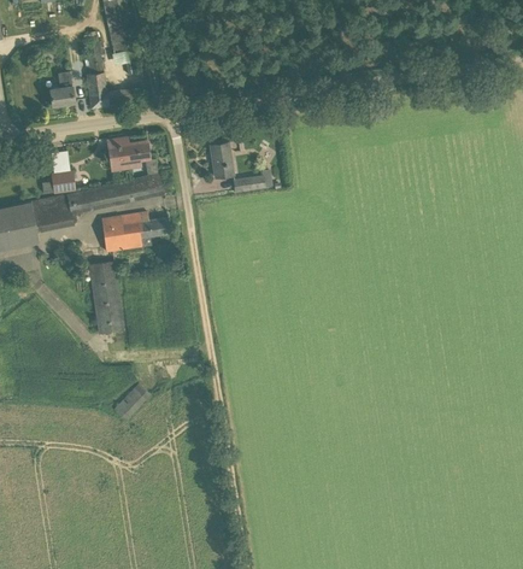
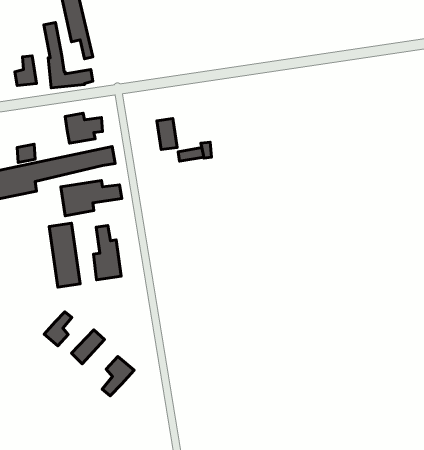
building: none -> [93,226,121,280]
building: none -> [44,312,72,346]
building: none -> [102,356,134,396]

